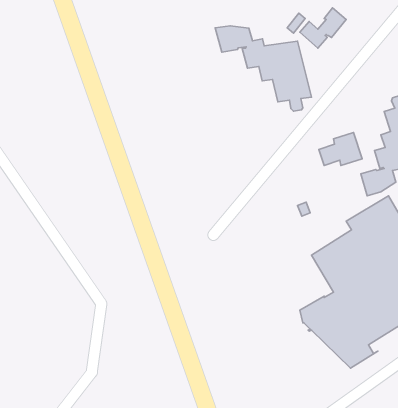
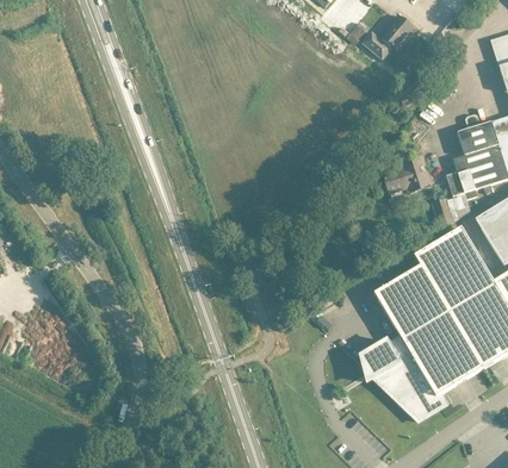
building: [215,26,311,111] -> none

